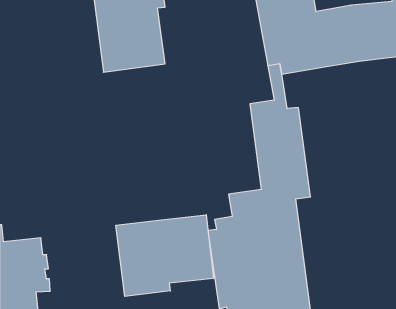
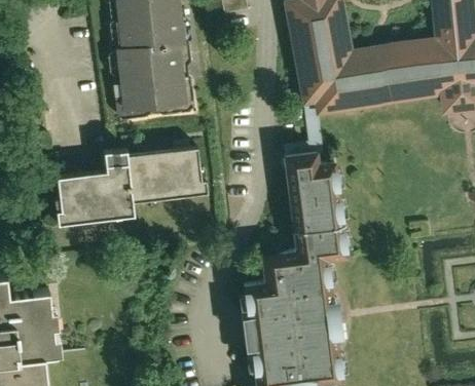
building: none -> [53,147,208,230]
building: [116,215,213,296] -> none

